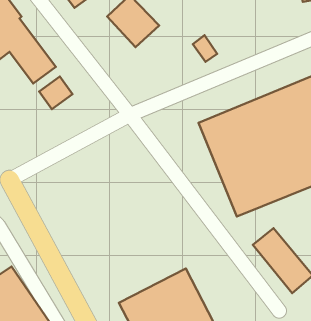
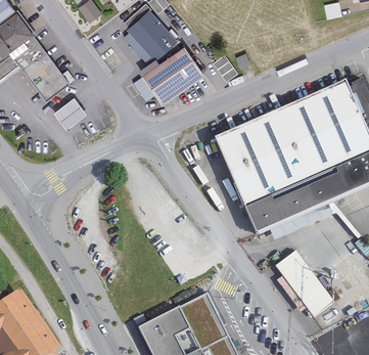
building: none -> [143,46,206,102]

